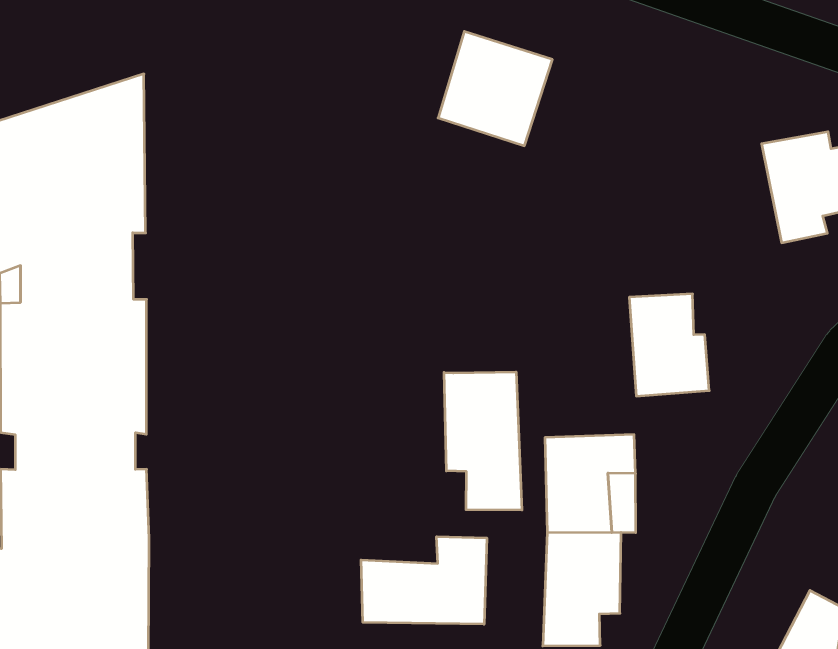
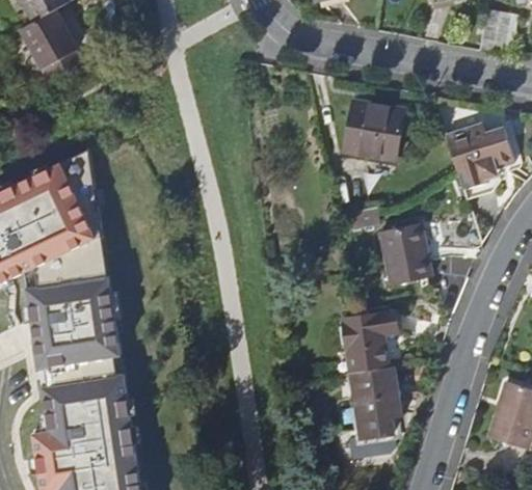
building: [438,31,552,146] -> [345,102,404,161]
building: [444,372,522,510] -> none
building: [361,537,487,624] -> none

